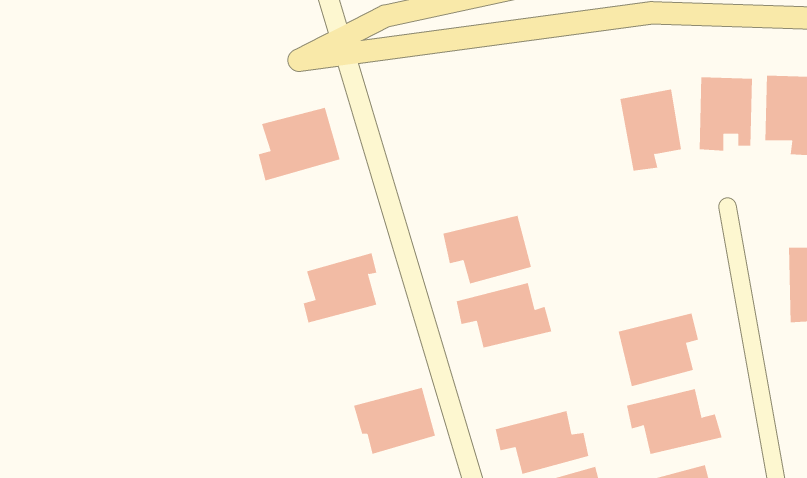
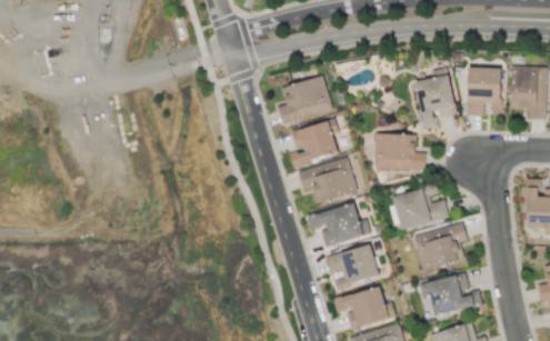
building: [258,107,341,181] -> [278,76,332,124]
building: none -> [373,133,426,169]
building: [303,253,377,323] -> [289,119,338,166]
building: none -> [393,187,449,230]
building: [353,387,436,455] -> [324,244,379,289]

